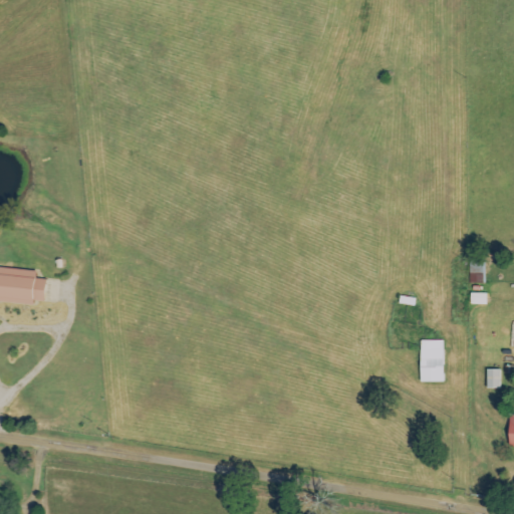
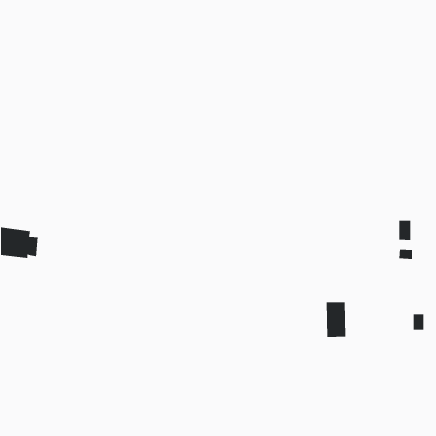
building: [419,340,443,382] -> [326,302,346,338]

